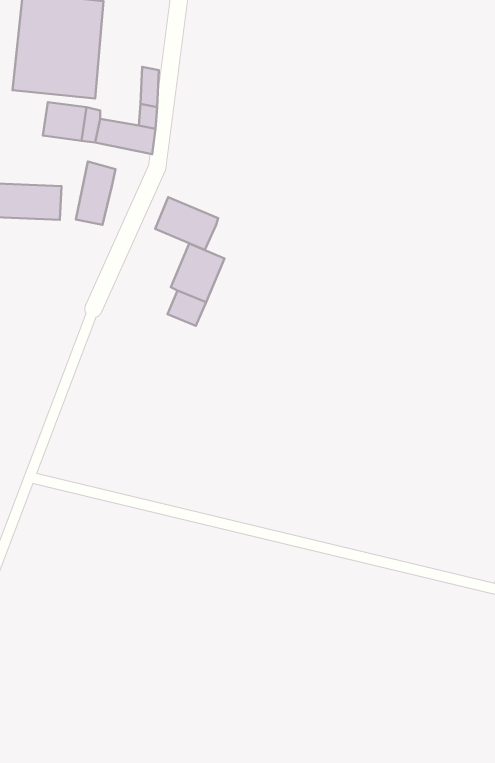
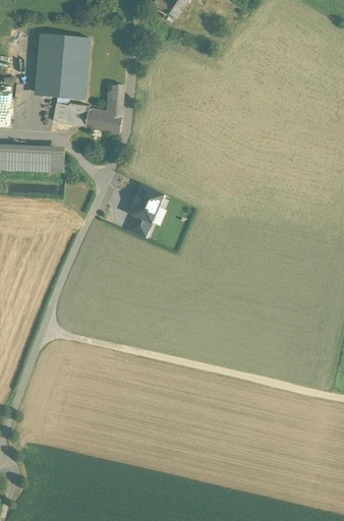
building: [76,162,115,225] -> none
building: [155,197,218,250] -> none

